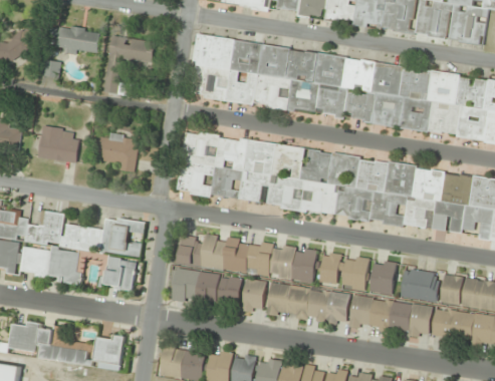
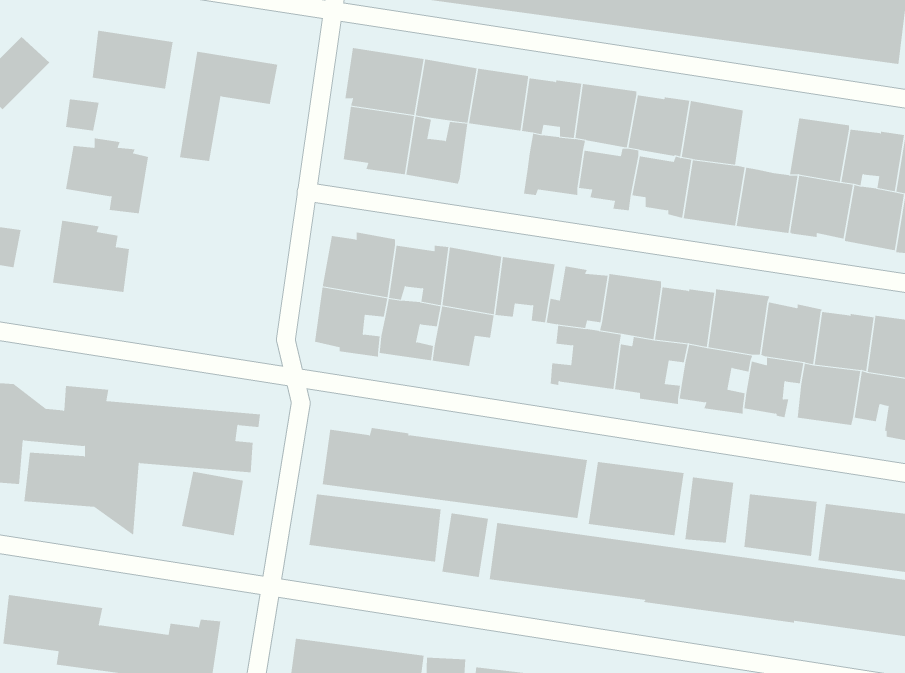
building: [398,67,431,100] -> none
building: [252,73,290,110] -> none
building: [92,132,137,172] -> [65,138,149,214]
building: [265,174,303,211] -> none

